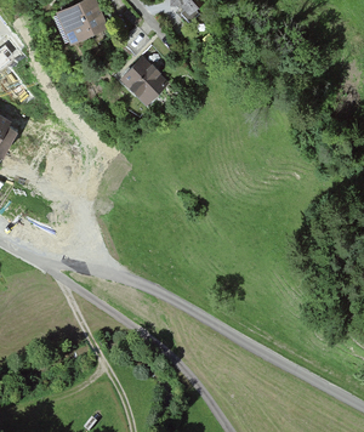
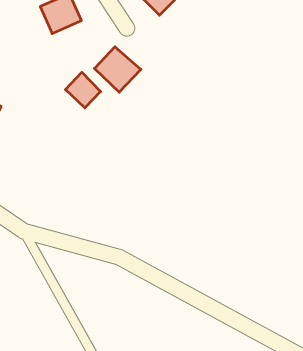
building: none -> [65,72,101,108]

